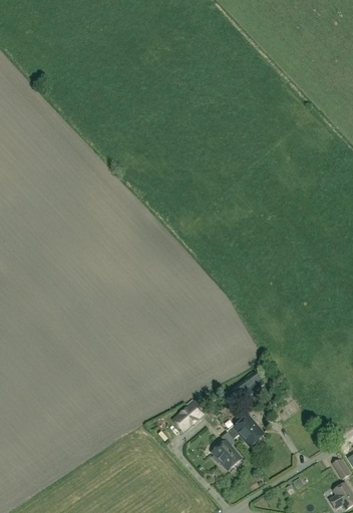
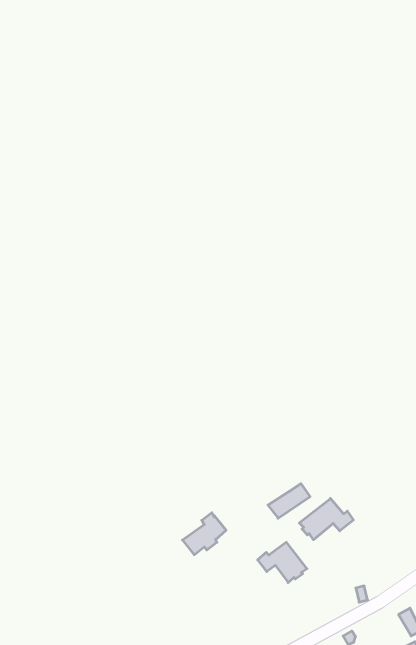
building: none -> [299,498,353,540]
building: [213,430,242,469] -> none

